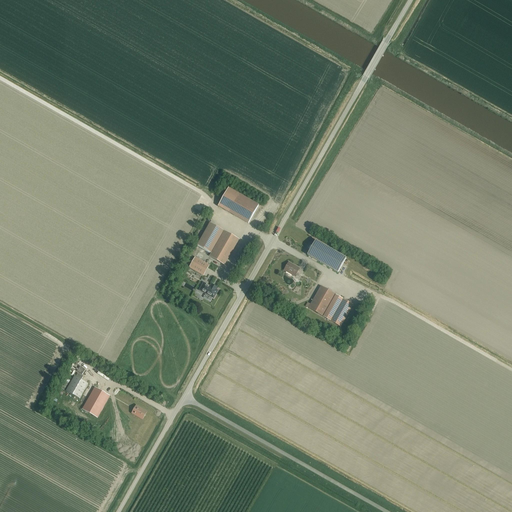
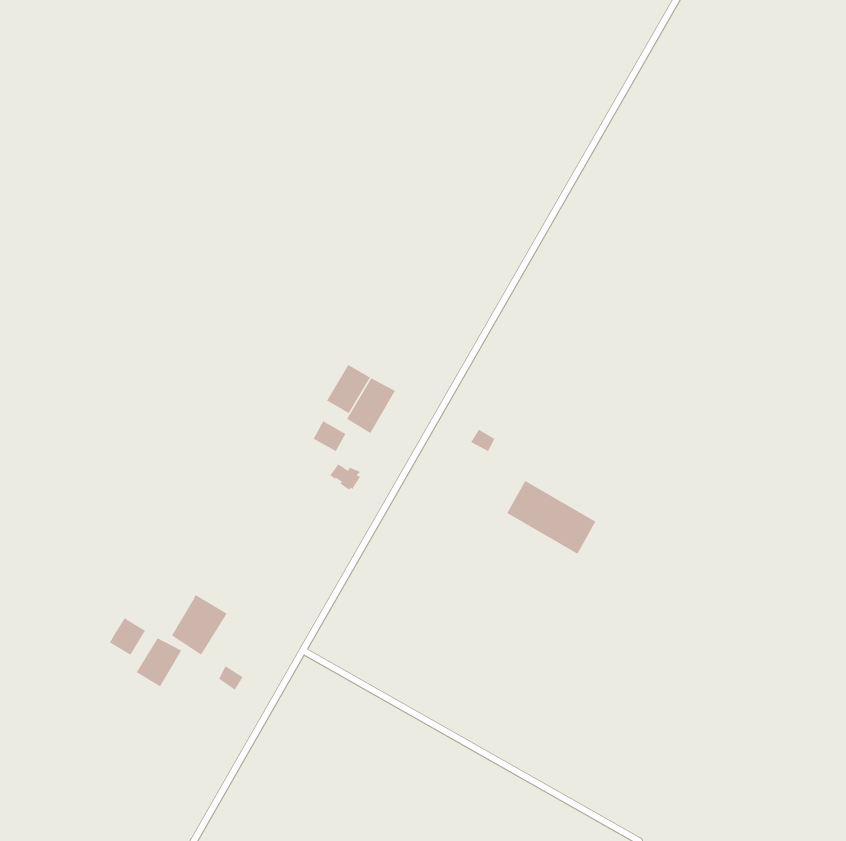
building: [218,186,258,221] -> none
building: [305,238,345,271] -> none
building: none -> [171,594,227,655]

